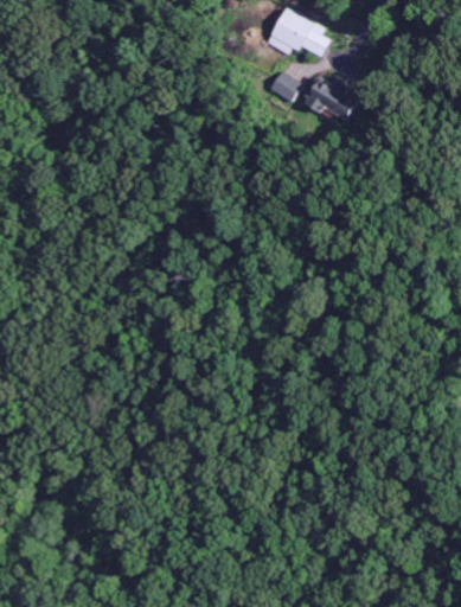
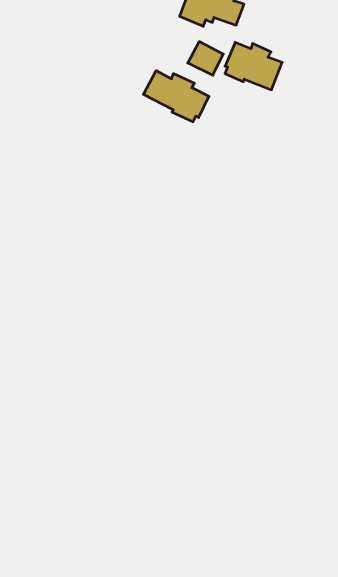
building: none -> [143,71,209,122]

